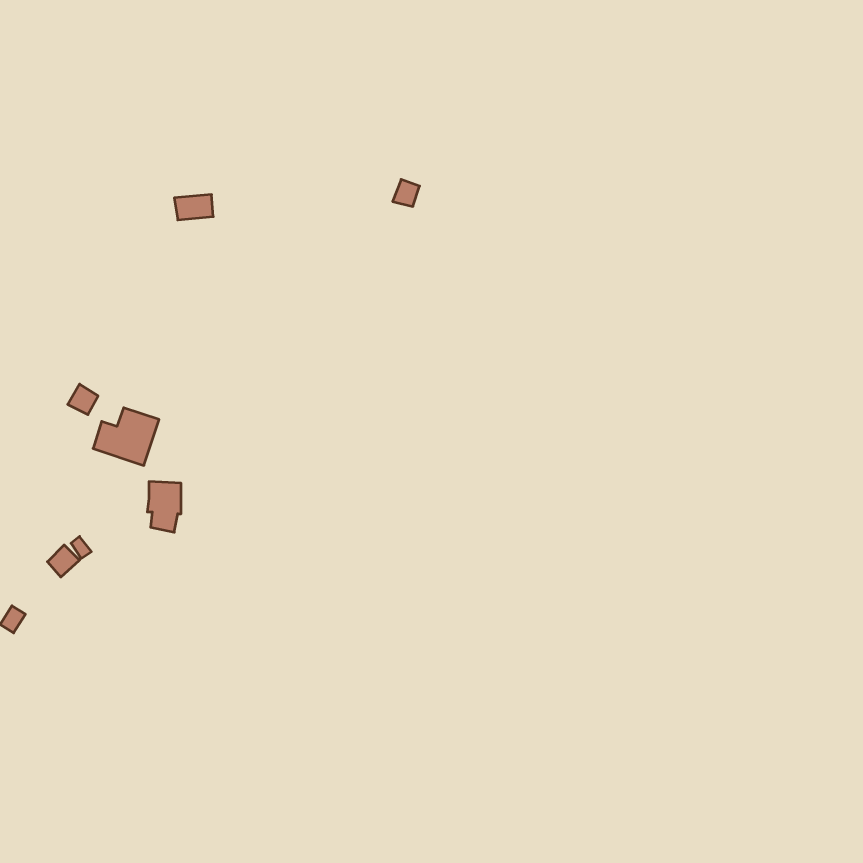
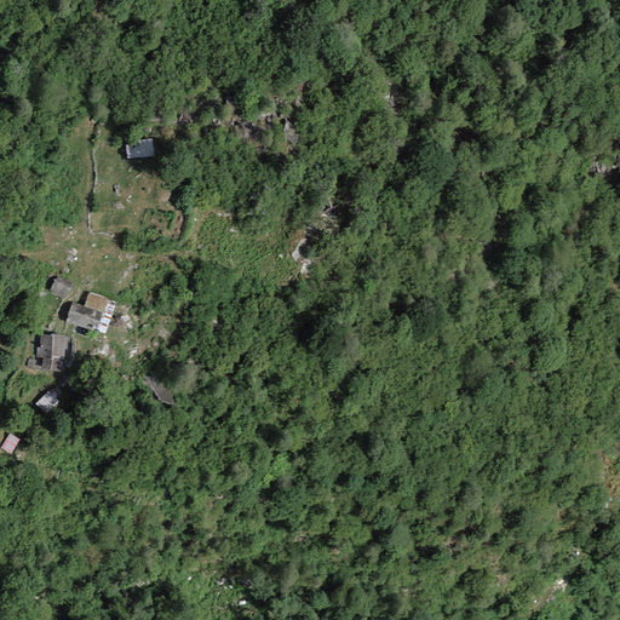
building: [147,482,181,532] -> [39,334,63,371]

